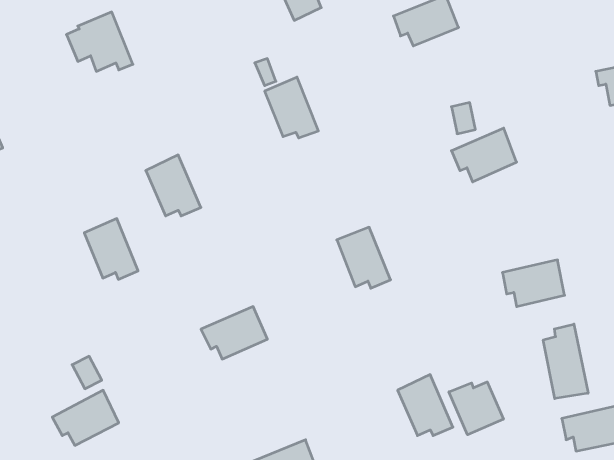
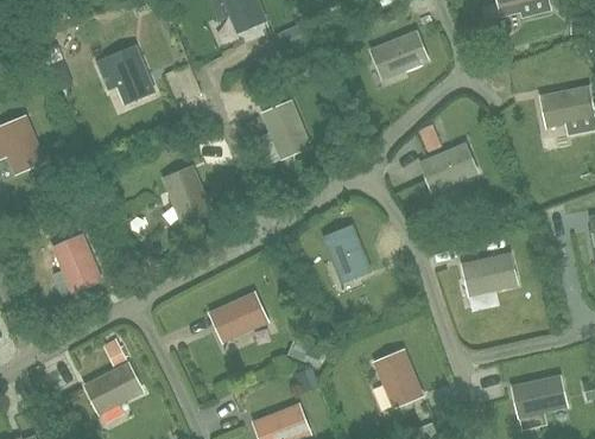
building: [84,219,138,279] -> [55,236,100,287]
building: [543,324,588,399] -> none
building: [449,382,503,435] -> none

